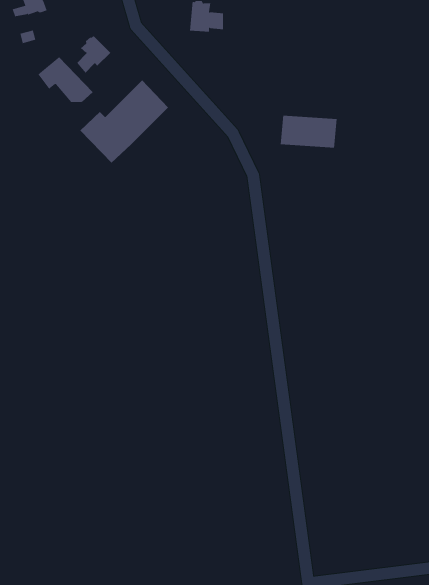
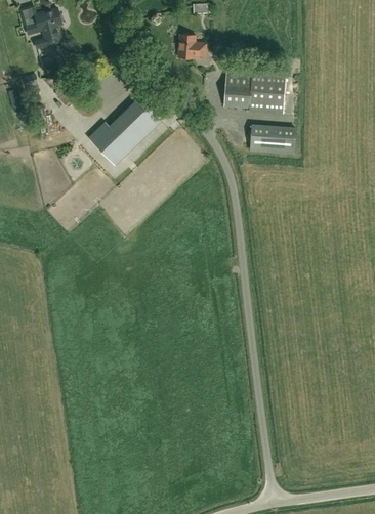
building: [76,35,111,74] -> none
building: none -> [222,70,285,113]

